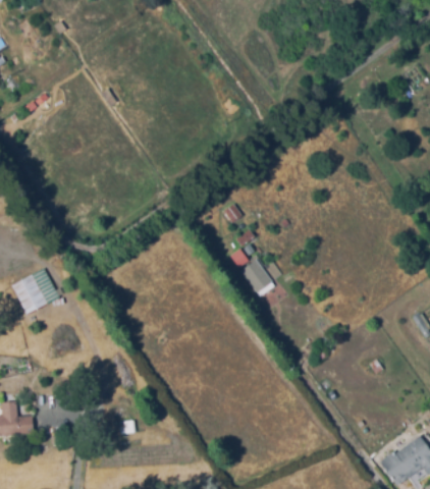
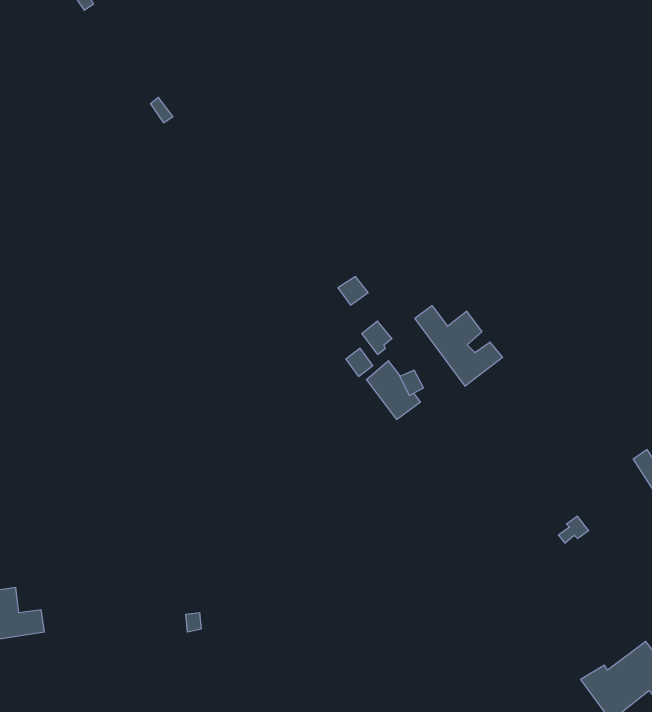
building: none -> [415,306,502,386]
building: [10,269,48,313] -> none

